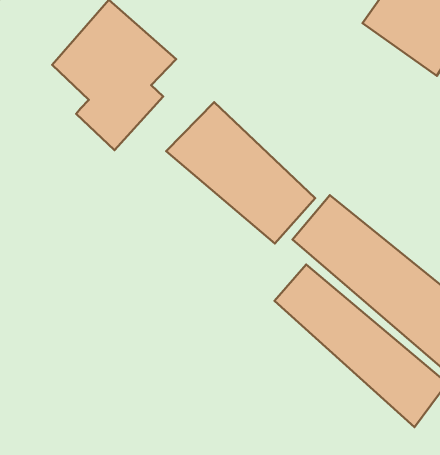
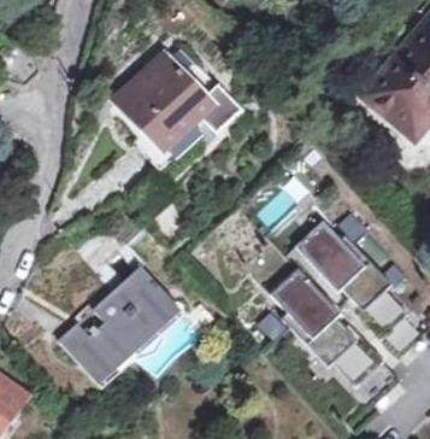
building: [166,102,315,243] -> none
building: none -> [57,267,176,381]

